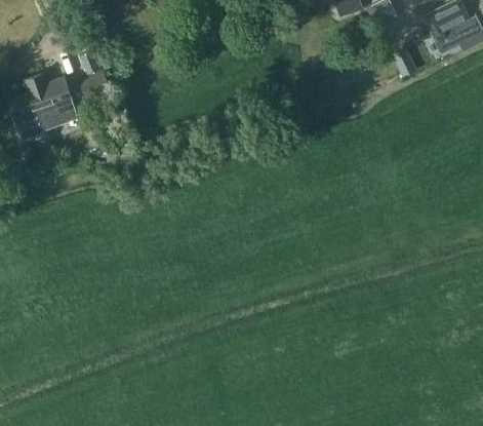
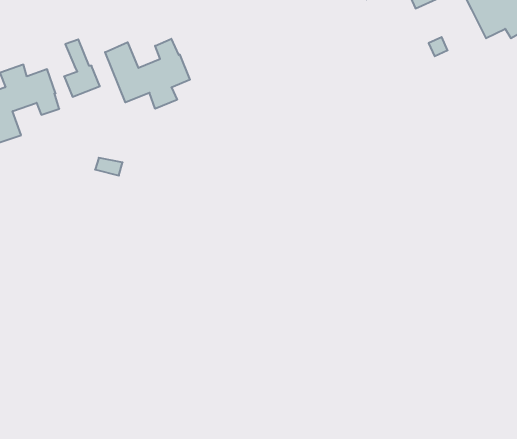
building: none -> [105,39,190,109]

